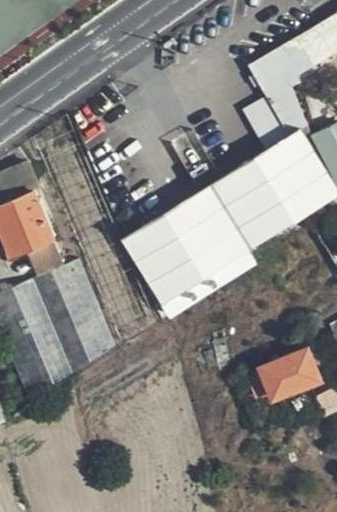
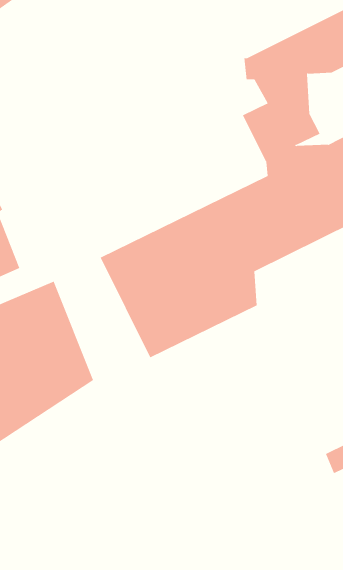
building: [245,345,318,400] -> none

